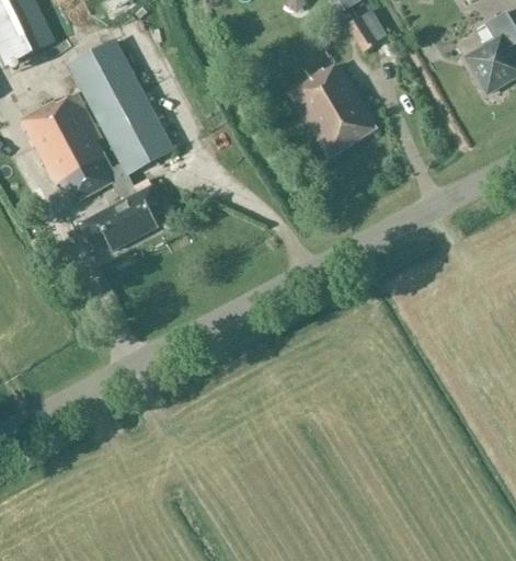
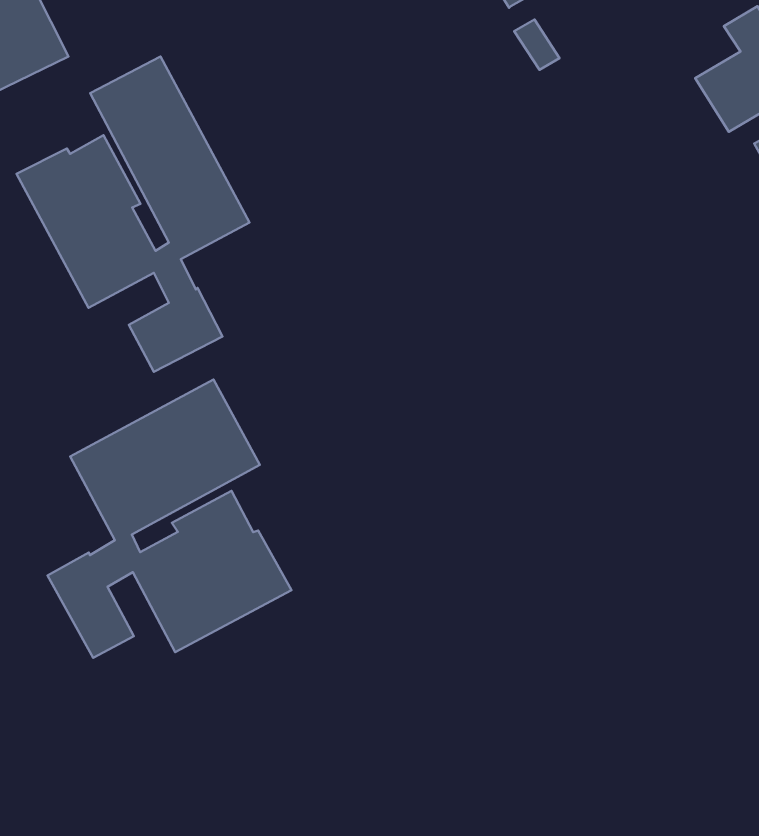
building: [286,65,377,157] -> none
building: none -> [48,380,292,658]

